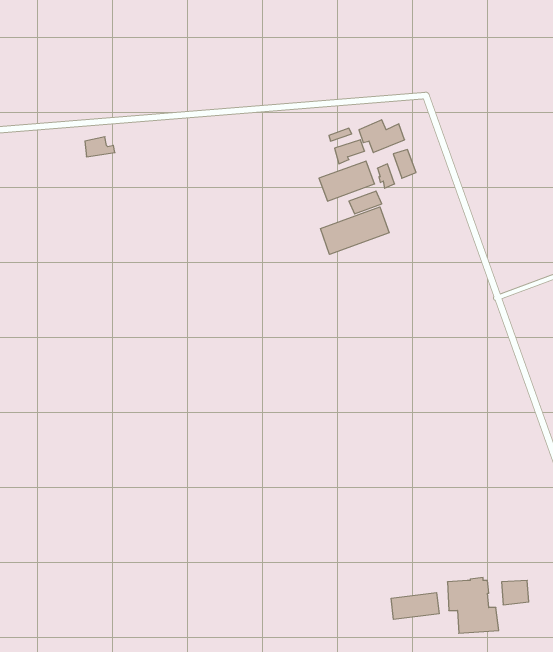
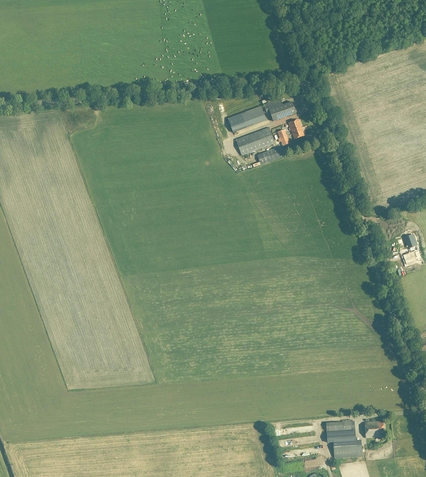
building: [321,207,389,254] -> none
building: [391,593,439,619] -> none

